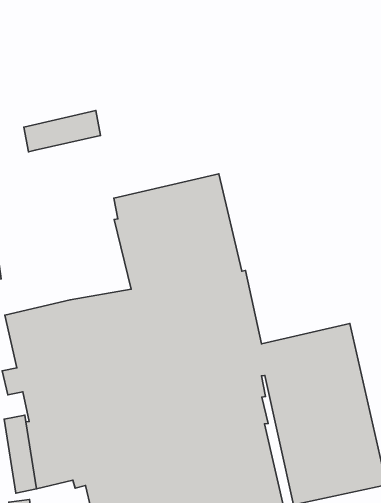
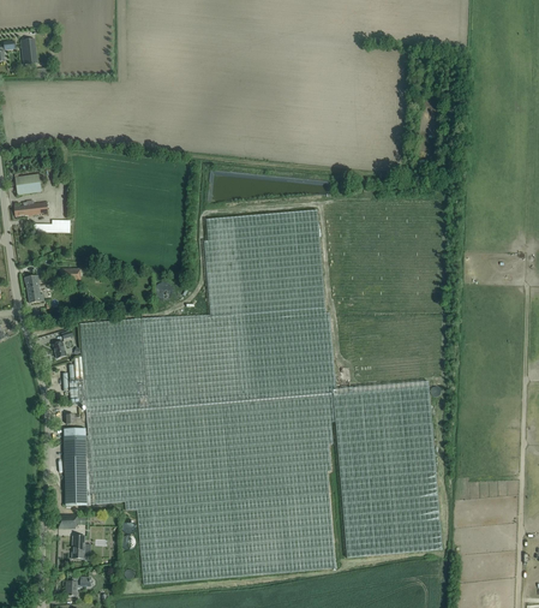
building: [24,111,101,152] -> none

